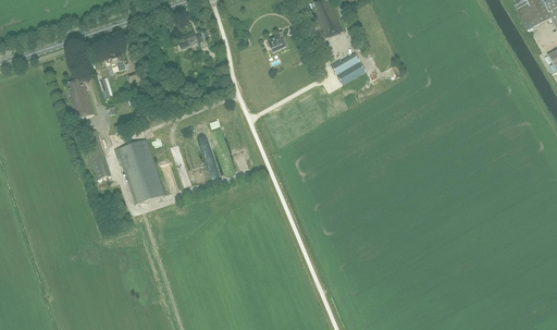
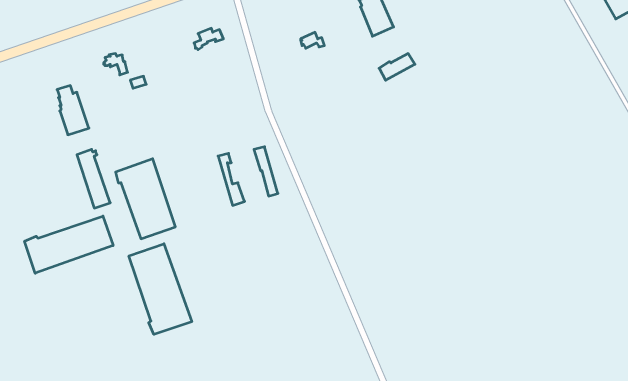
building: none -> [25,216,113,273]
building: none -> [129,244,192,334]

